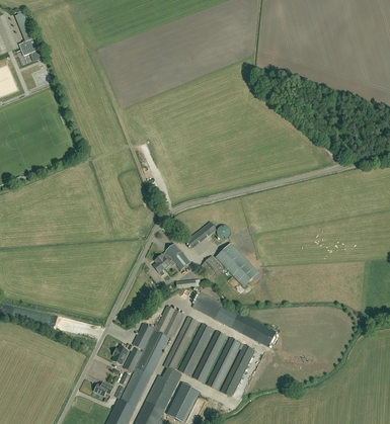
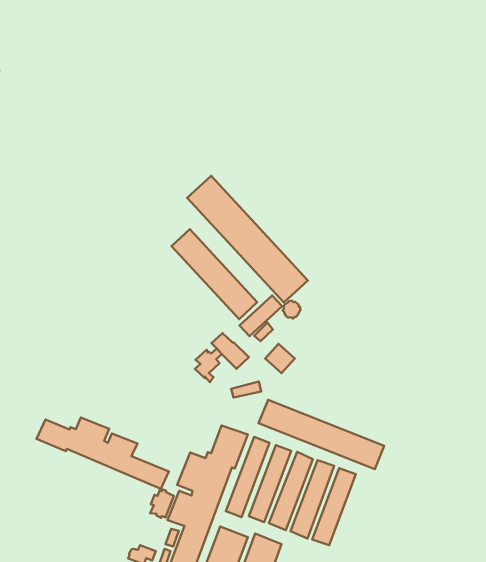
building: none -> [187,176,308,303]
building: none -> [172,229,257,319]
building: [216,243,258,286] -> none
building: none -> [37,418,169,489]

